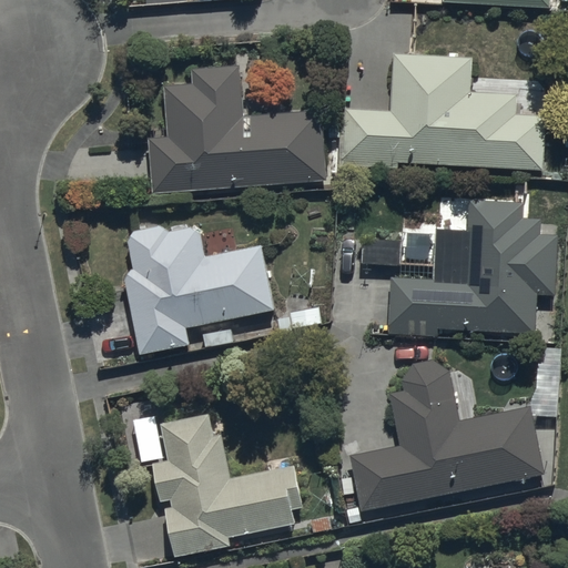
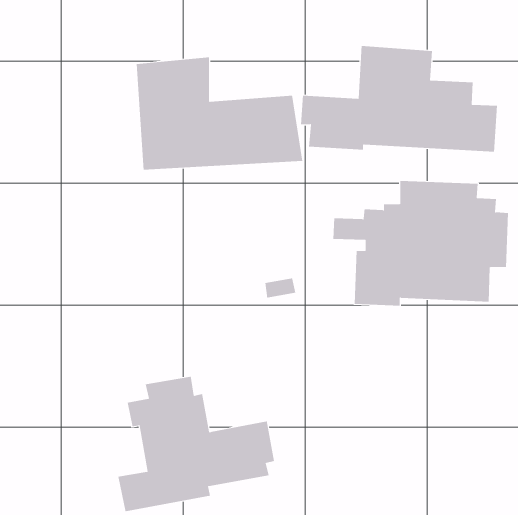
building: [122,224,275,357] -> none
building: [342,361,544,510] -> none

